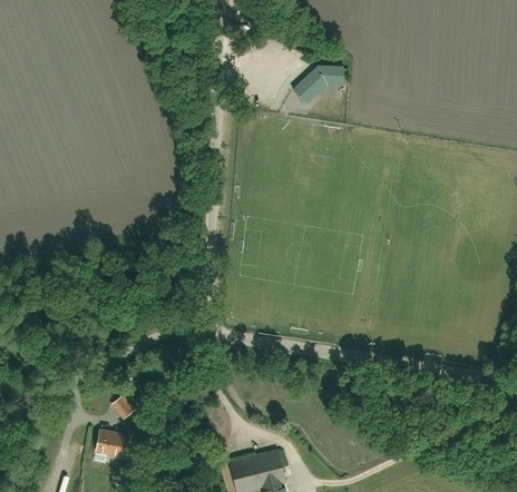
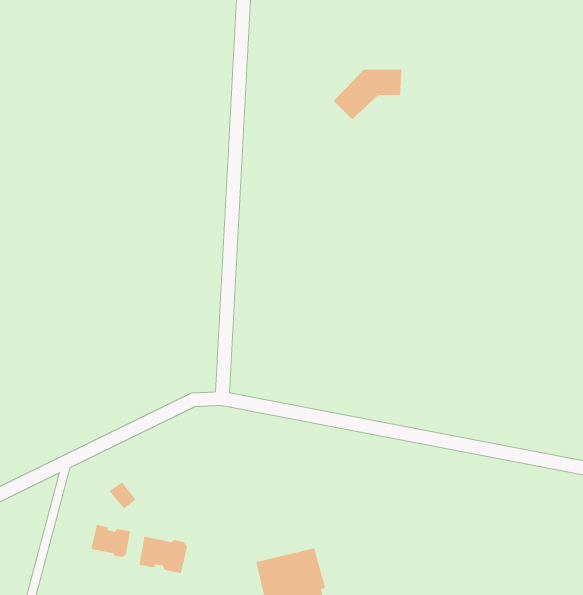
building: none -> [139,536,187,574]

